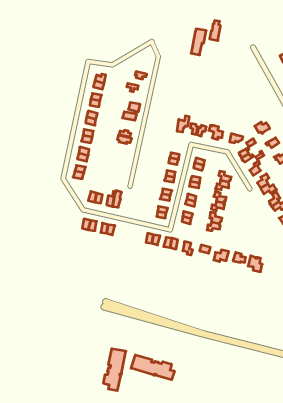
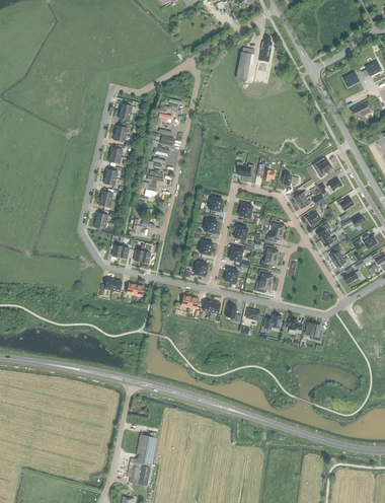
building: [131,355,174,380] -> none

